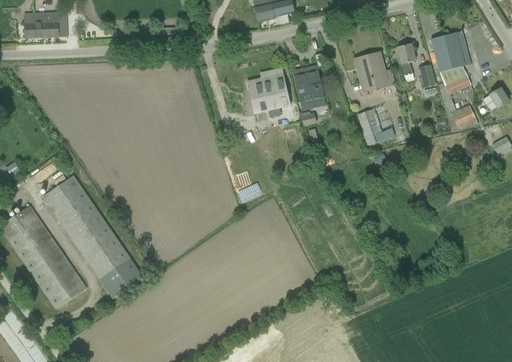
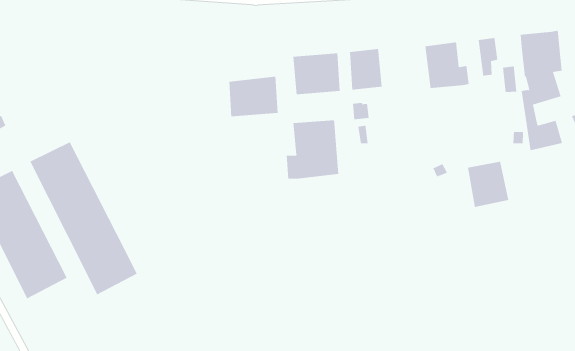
building: none -> [229,76,278,117]
building: [357,105,395,146] -> [467,161,509,208]
building: none -> [286,119,339,180]

